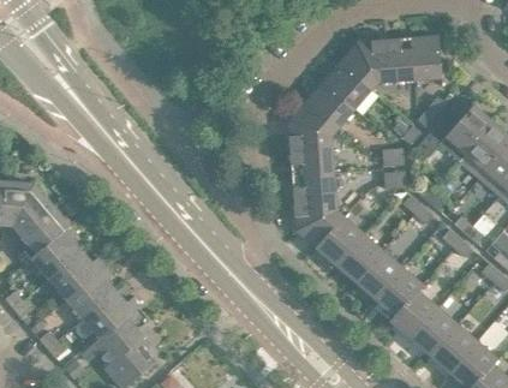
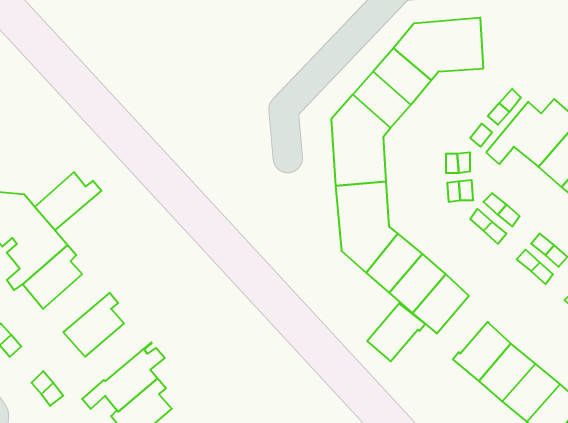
building: [411,36,441,79] -> none
building: [48,250,103,298] -> [35,172,101,230]
building: [375,268,423,316] -> [367,303,425,361]
building: [83,291,138,339] -> none

